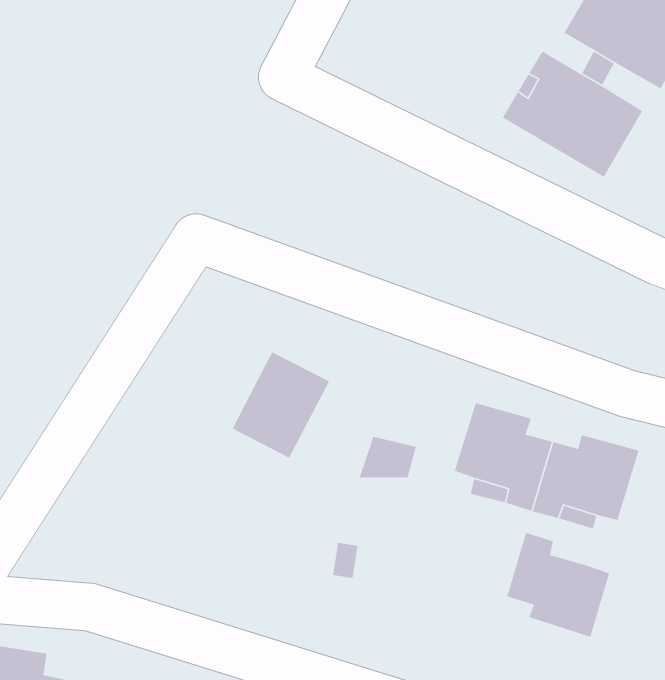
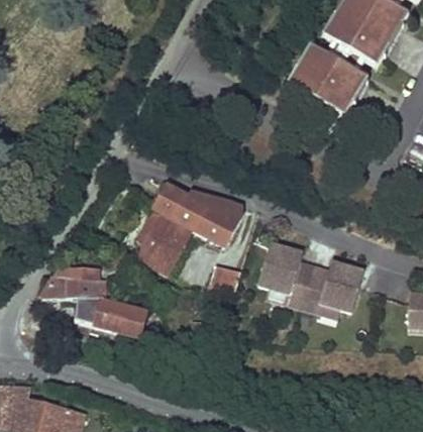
building: none -> [151,181,240,245]
building: none -> [37,264,147,339]
building: [506,532,610,638] -> none

